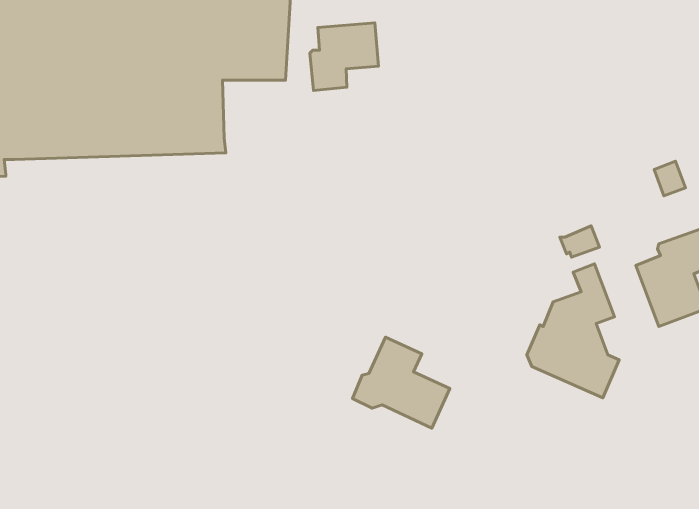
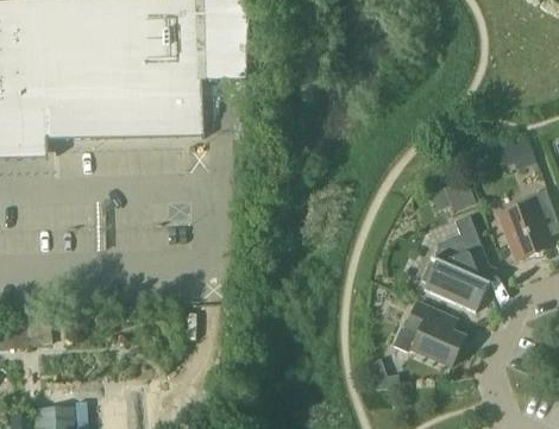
building: [310,23,378,90] -> none
building: [352,337,450,428] -> [394,301,464,366]

